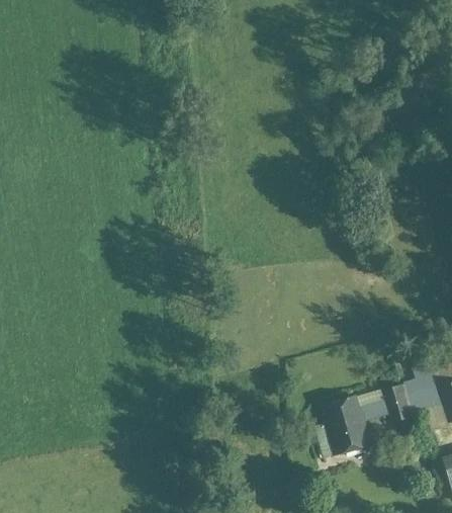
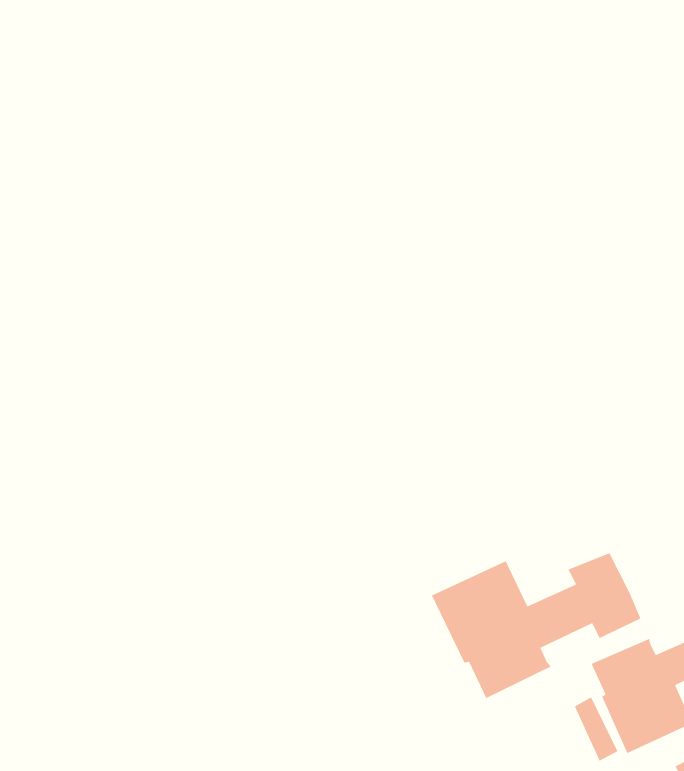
building: none -> [431,552,642,699]

